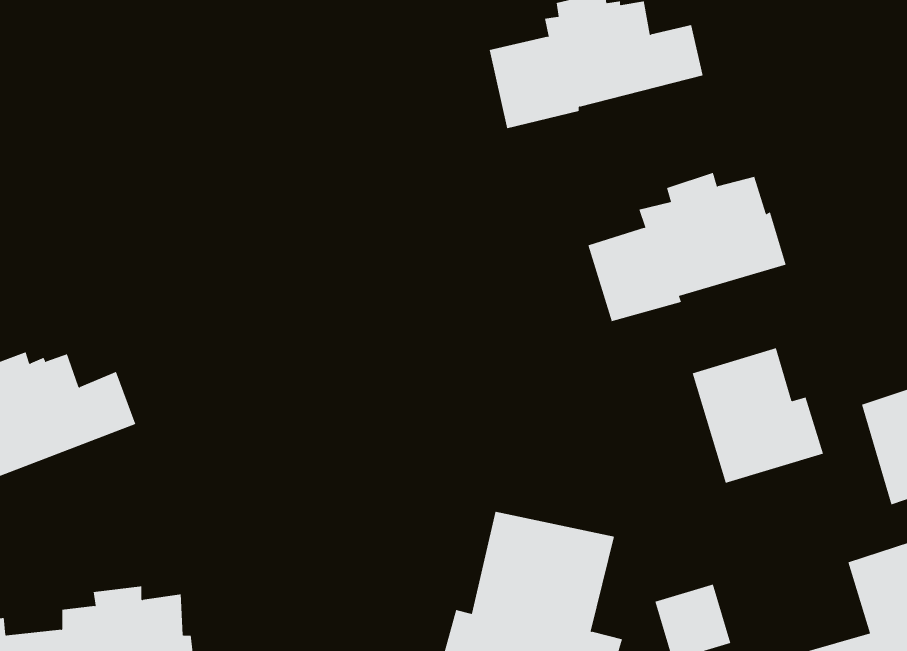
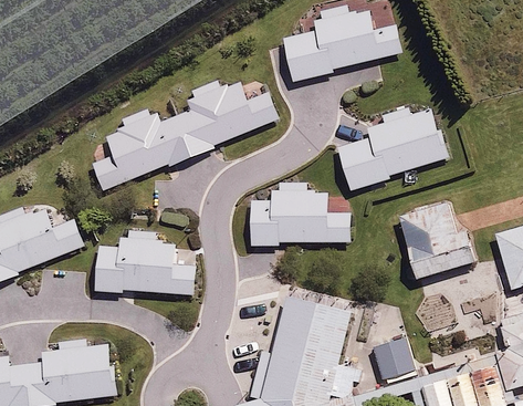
building: none -> [91,80,281,191]
building: none -> [252,181,351,244]
building: none -> [94,230,197,295]

